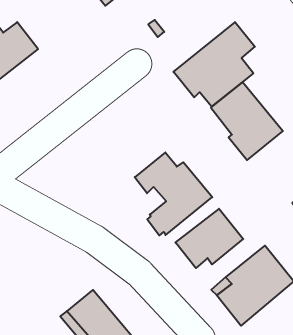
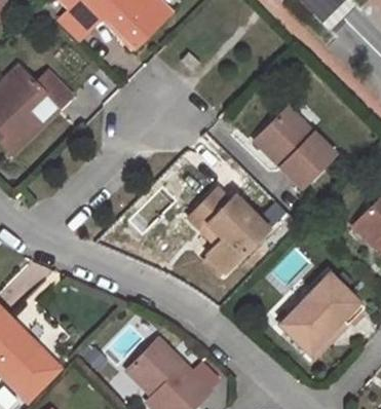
building: [173,22,255,107] -> none
building: [175,209,243,268] -> none

